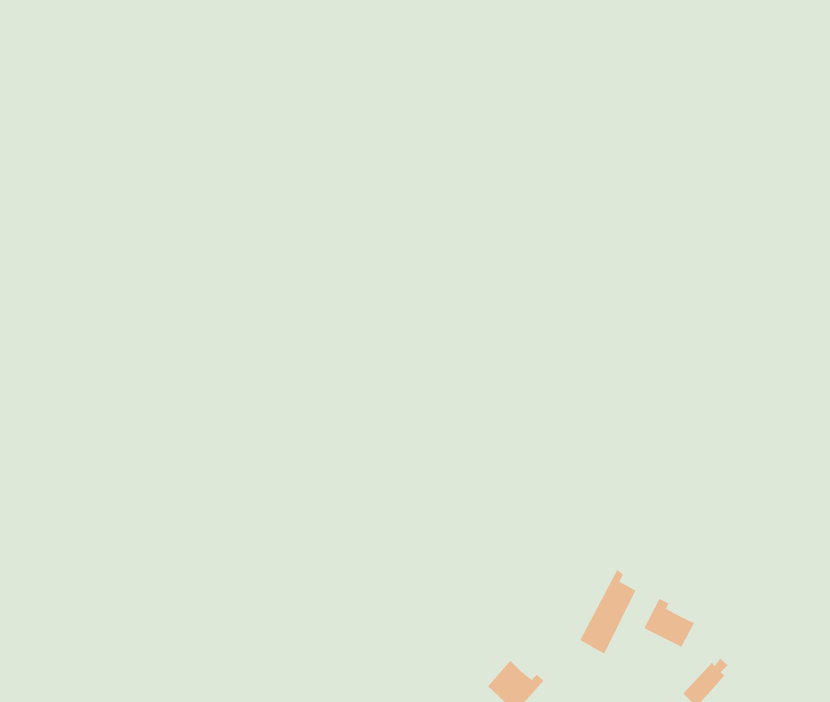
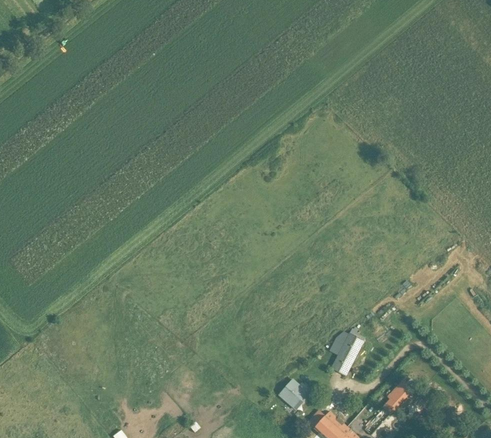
building: [643,598,695,647] -> none

